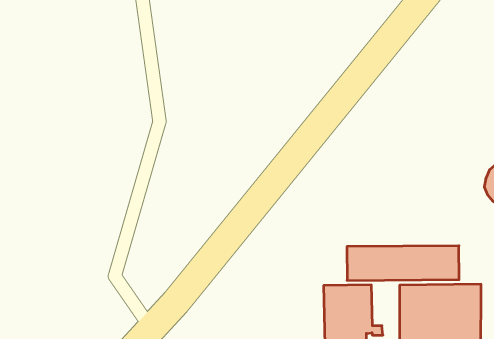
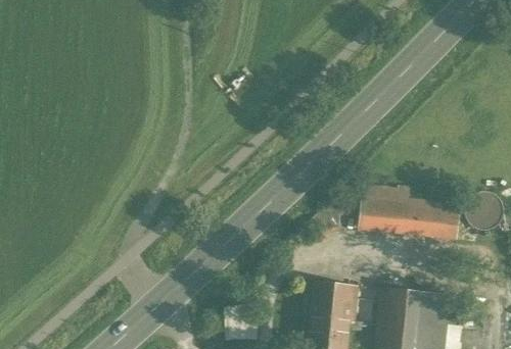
building: [347,246,459,280] -> [359,197,460,237]

